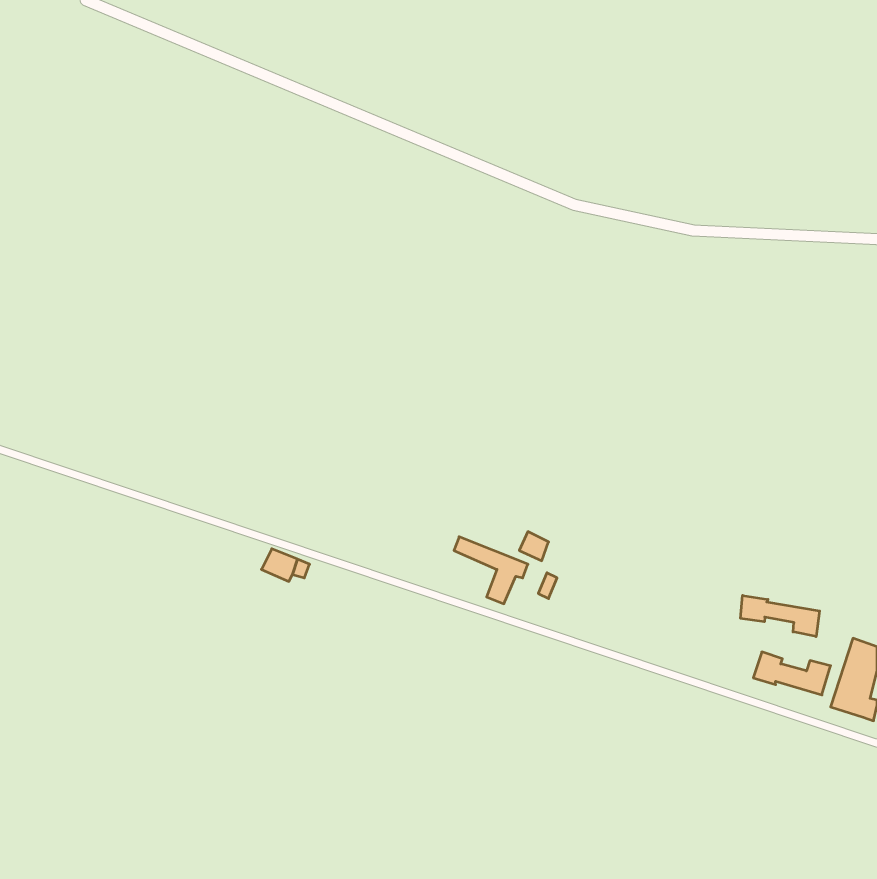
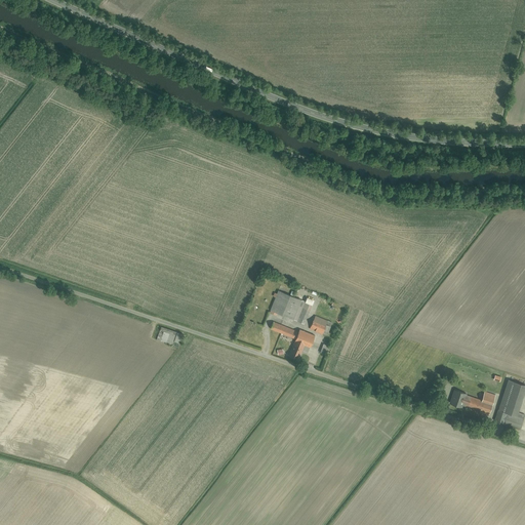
building: none -> [270,291,313,324]
building: [741,595,820,637] -> none

